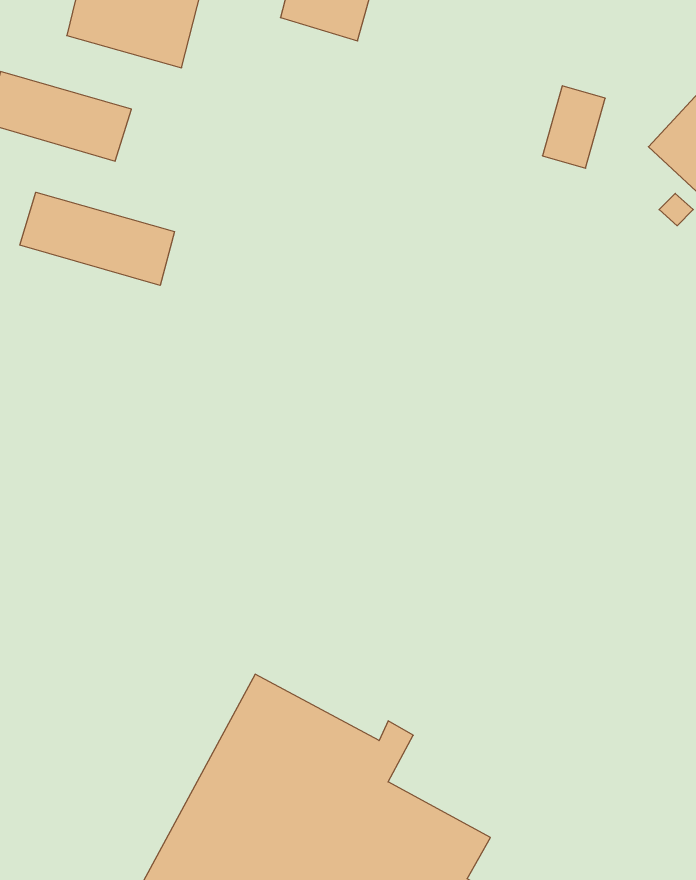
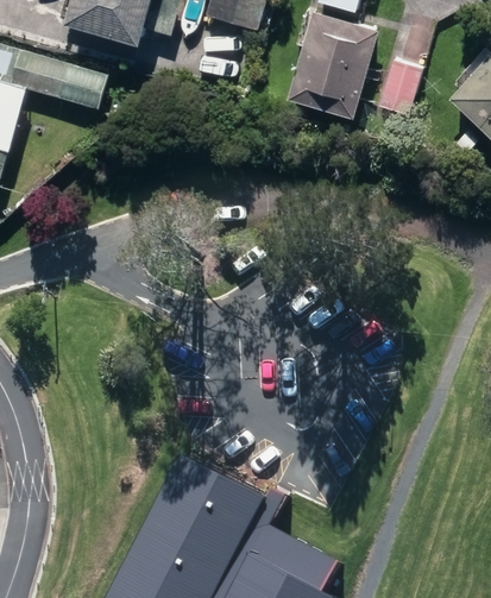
building: none -> [285,13,378,120]
building: [20,192,174,285] -> none

